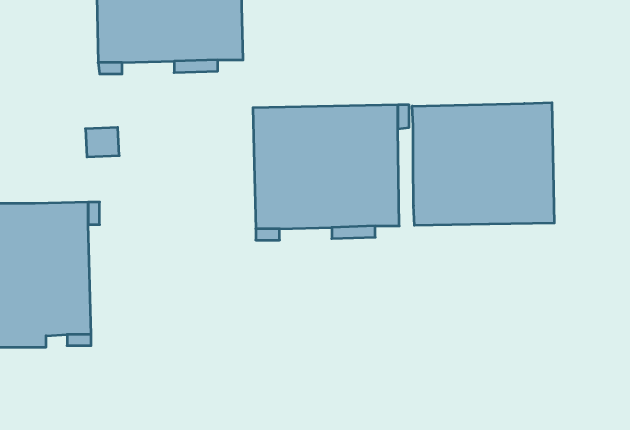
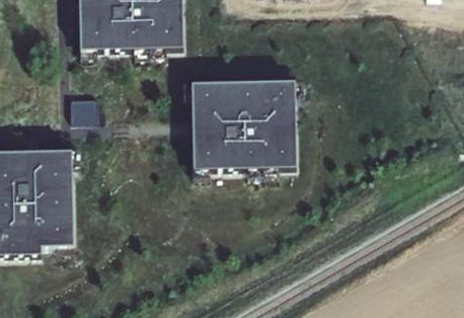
building: [412,103,554,225] -> none

